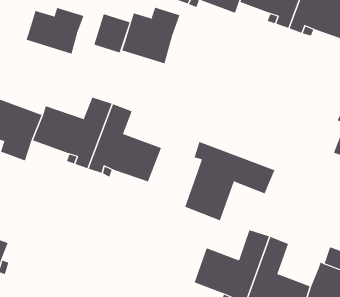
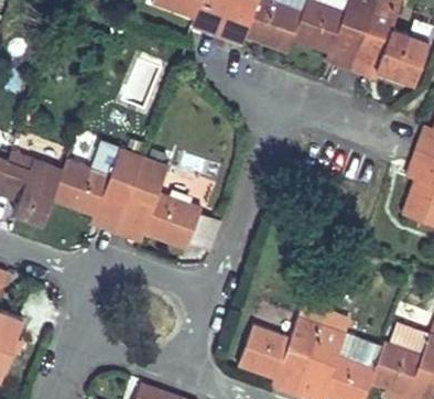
building: [121,7,180,64] -> none
building: [26,7,84,54] -> none
building: [184,141,275,221] -> none
building: none -> [337,333,383,369]

